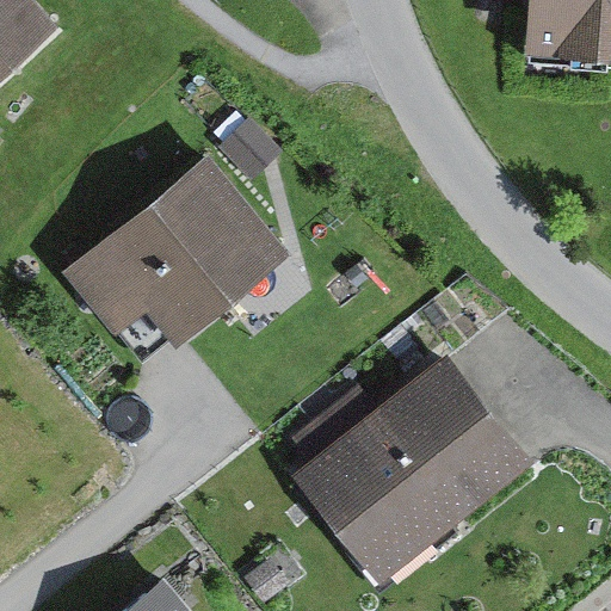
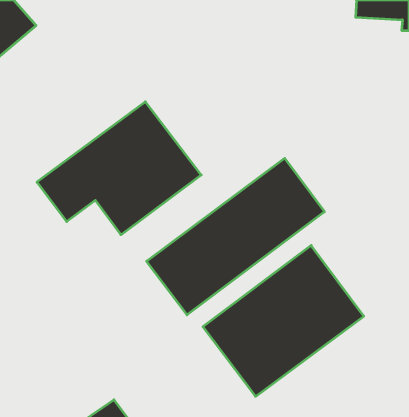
building: none -> [147,158,324,315]

